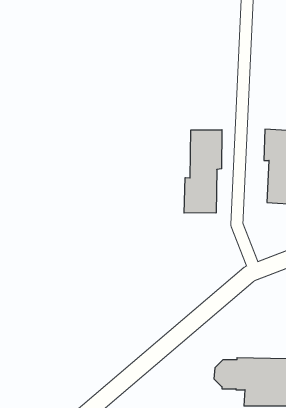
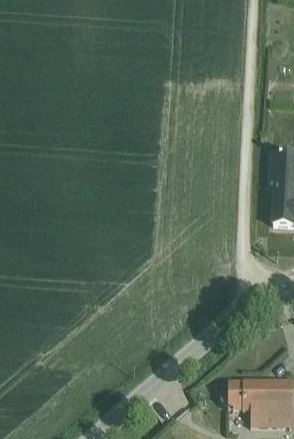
building: [184,130,222,213] -> none

